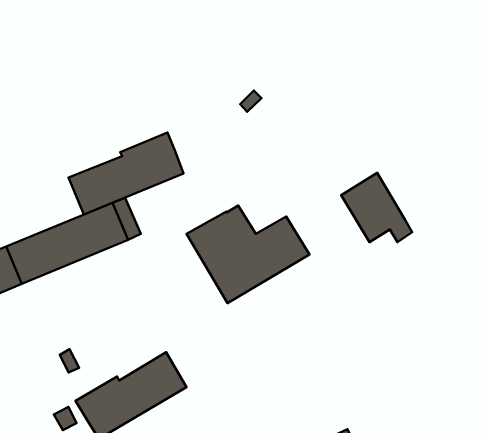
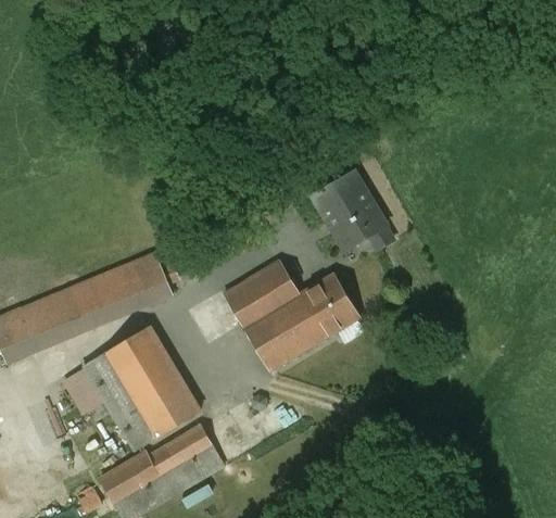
building: [68,132,184,215] -> none
building: [341,173,412,242] -> [314,172,393,249]
building: none -> [86,326,200,450]

